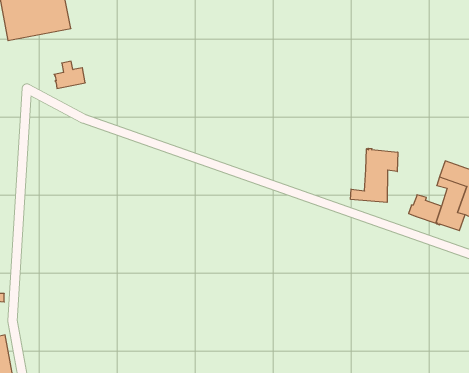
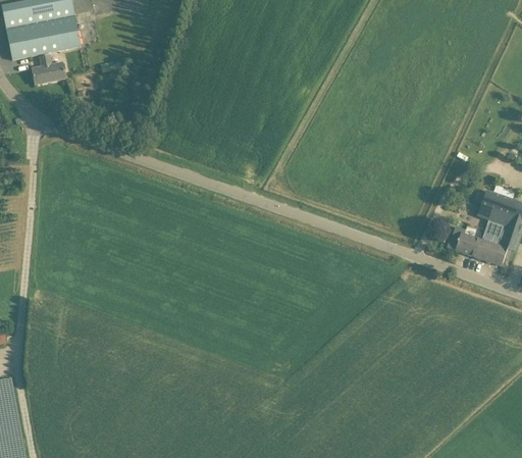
building: [54,61,85,88] -> [30,54,63,84]
building: [351,148,398,202] -> none

